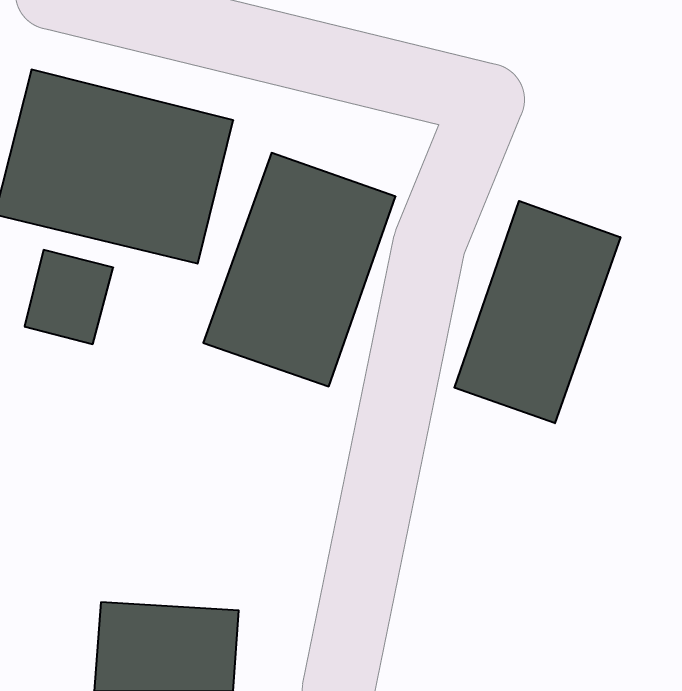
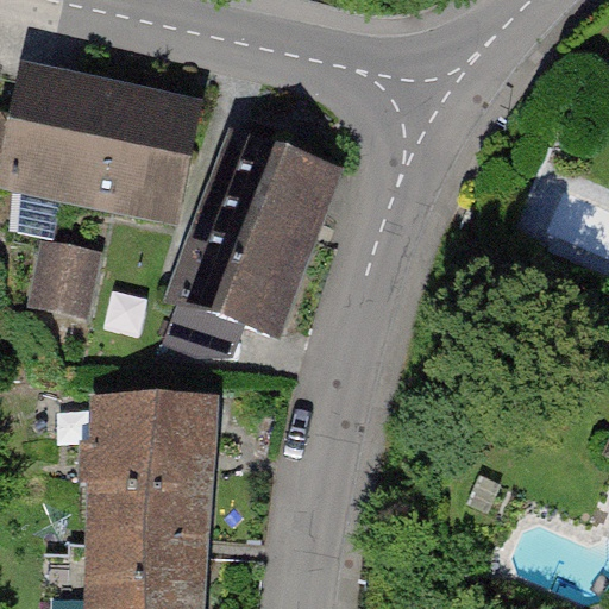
building: [454,201,620,423] -> none
building: none -> [88,390,216,532]

